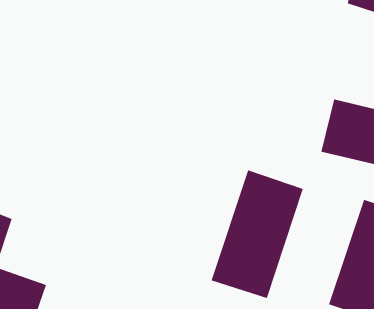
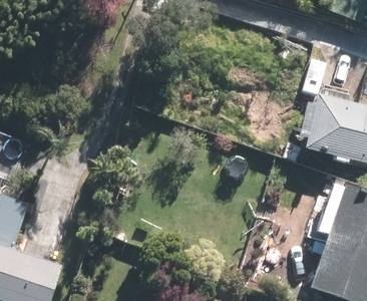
building: [211,169,304,299] -> none

